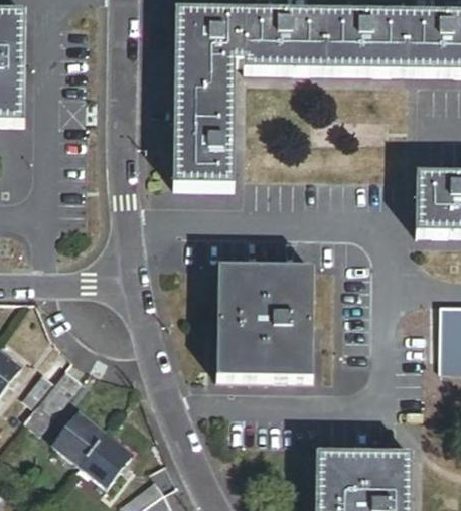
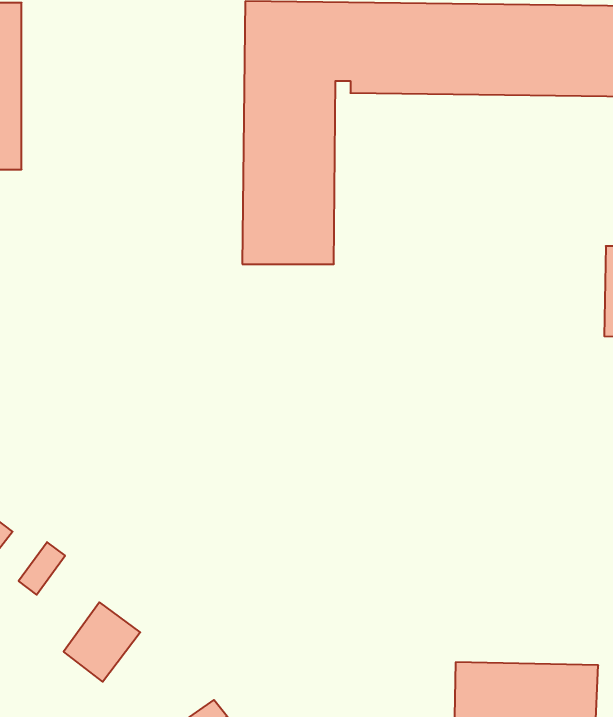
building: [216,266,313,379] -> none
building: [34,366,81,418] -> none
building: [79,433,130,485] -> none

